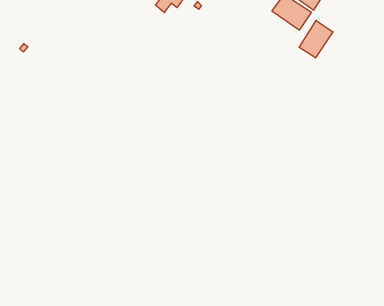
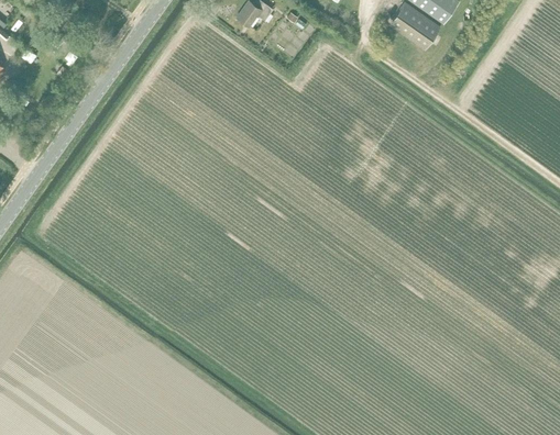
building: [299,20,333,58] -> none

